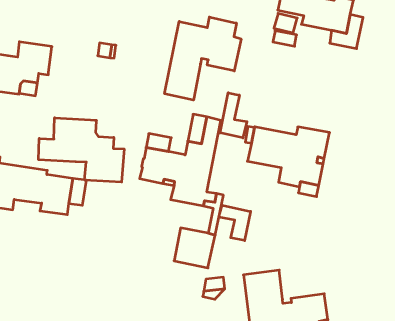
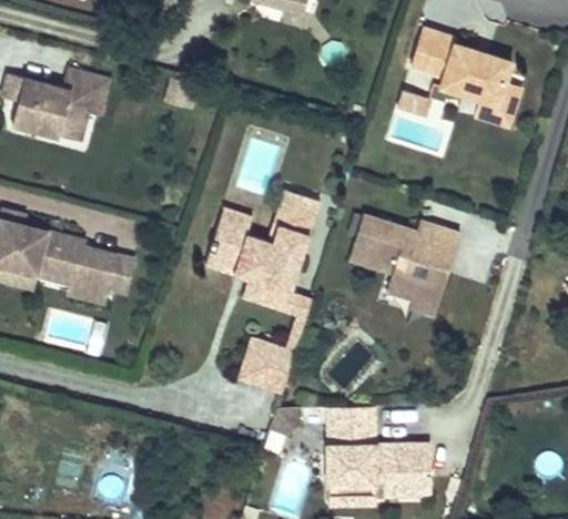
building: [165,17,241,100] -> none
building: [220,93,247,138] -> none
building: [39,118,124,182] -> none
building: [219,205,251,241] -> none

